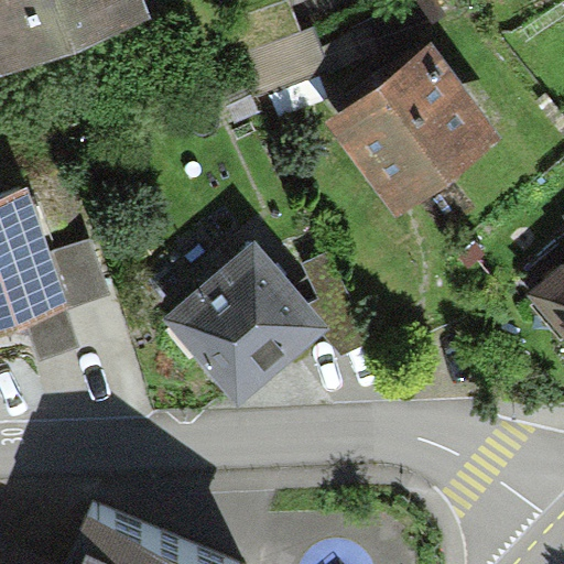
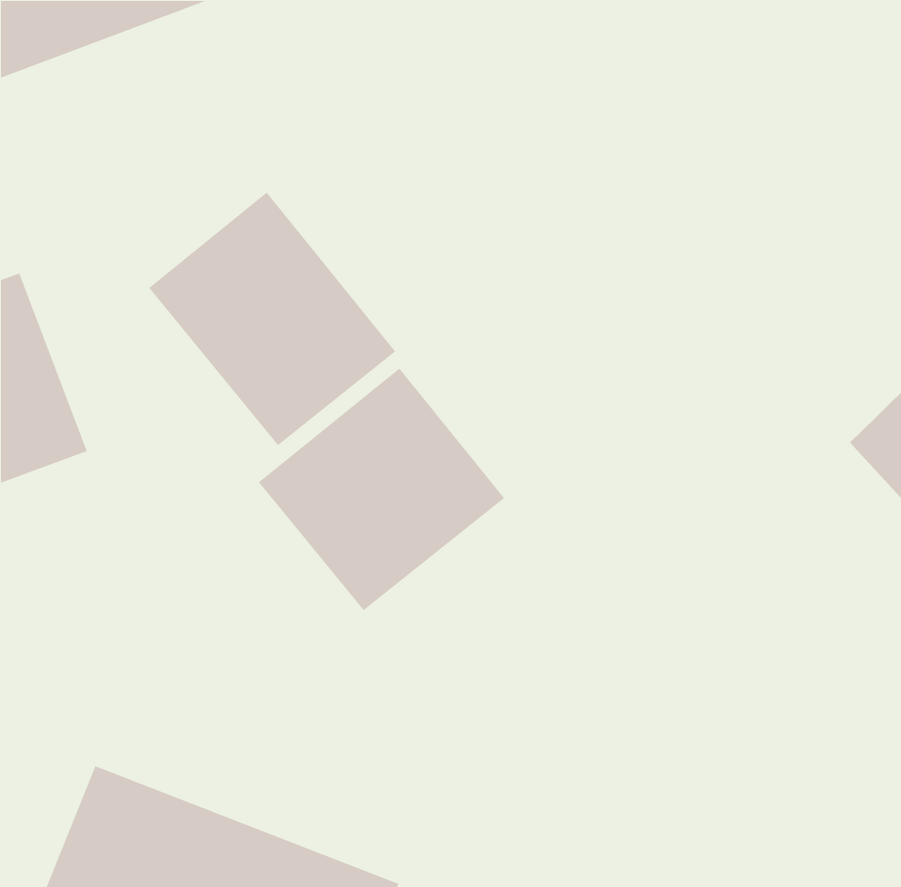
building: [327,32,497,199] -> none
building: none -> [148,191,396,446]

